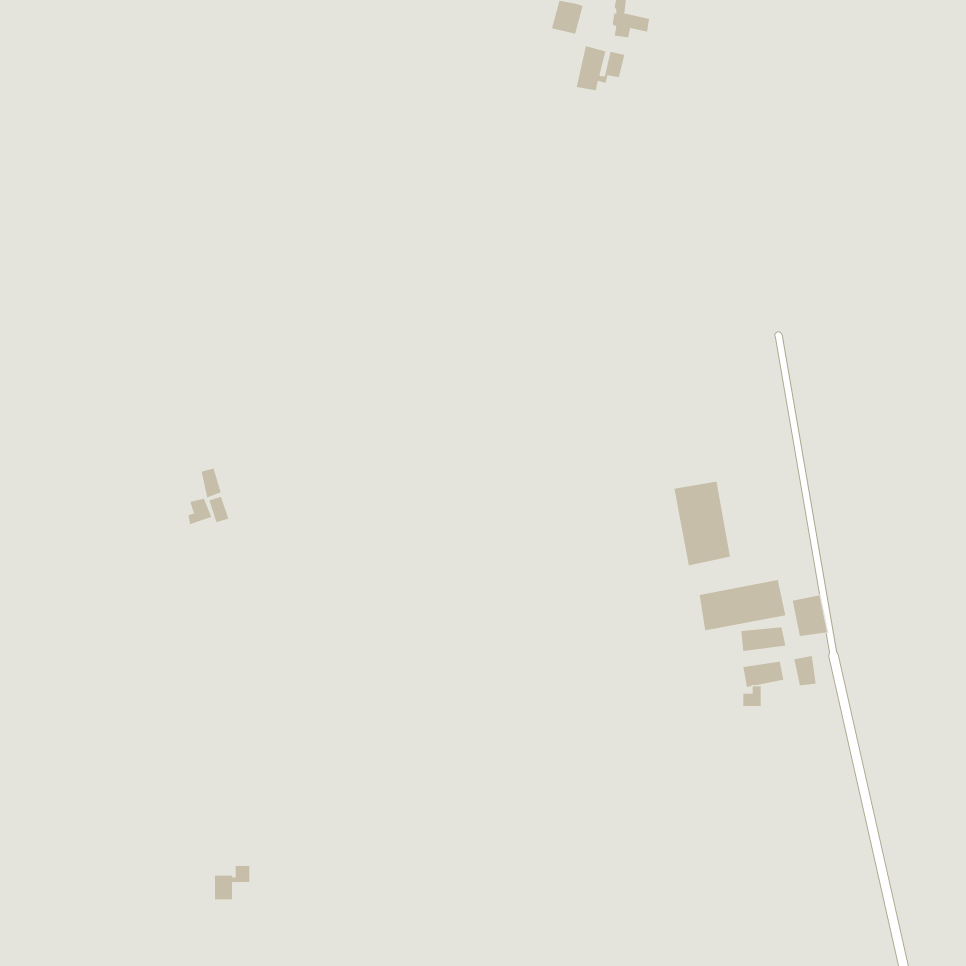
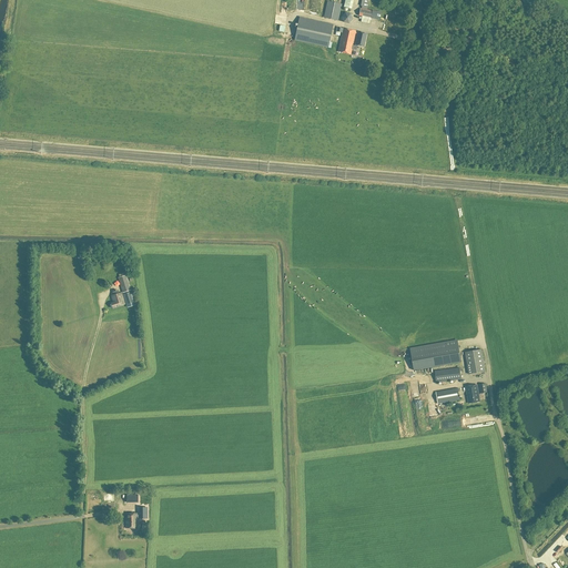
building: none -> [293,16,333,47]
building: [674,481,731,566] -> none

